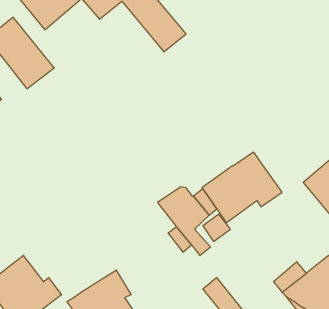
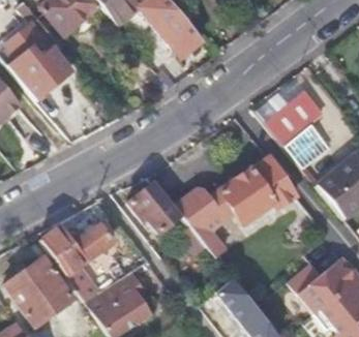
building: none -> [265,91,329,168]
building: none -> [128,184,179,233]
building: none -> [39,223,113,302]

